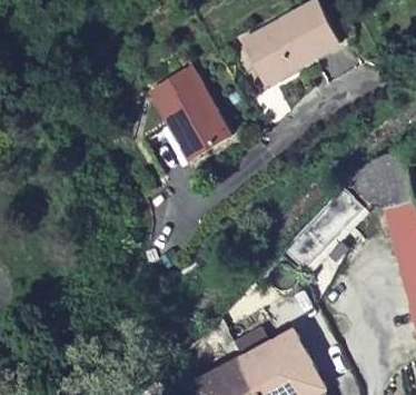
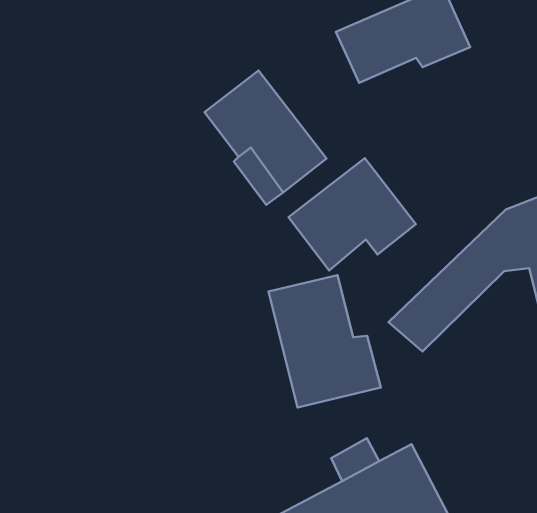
building: none -> [288,158,416,271]
building: none -> [268,275,381,407]

